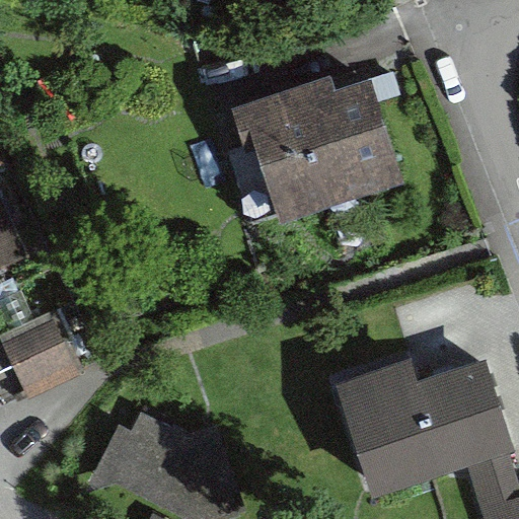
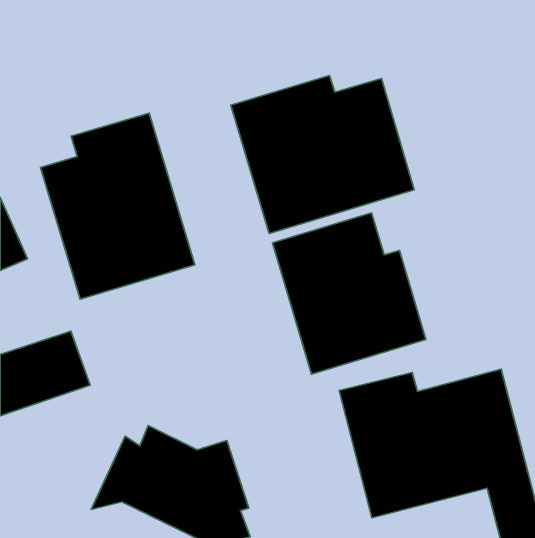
building: none -> [40,113,195,299]
building: none -> [272,213,426,374]

